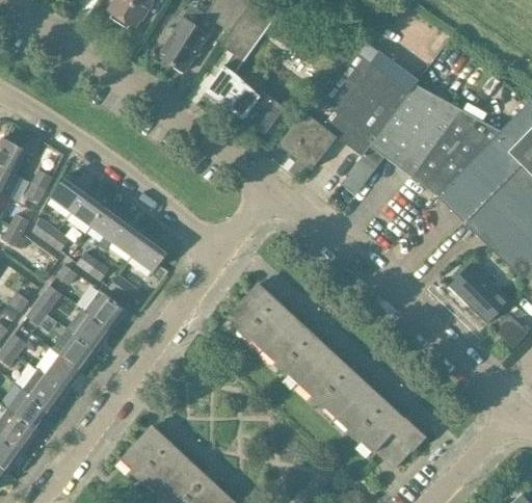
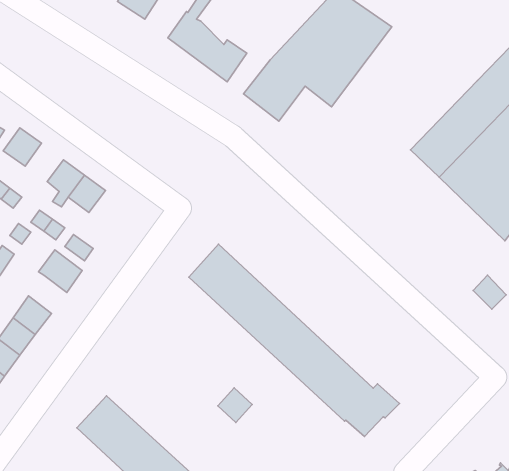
building: [341,83,499,195] -> none
building: [71,189,107,226] -> none
building: [131,234,167,270] -> none
building: [448,262,509,323] -> none
building: [74,314,110,350] -> none
building: none -> [218,388,252,423]

